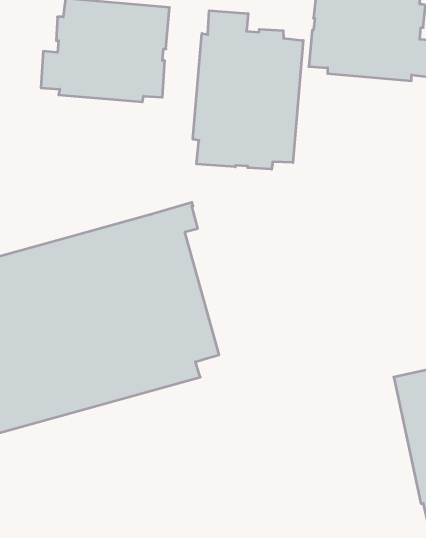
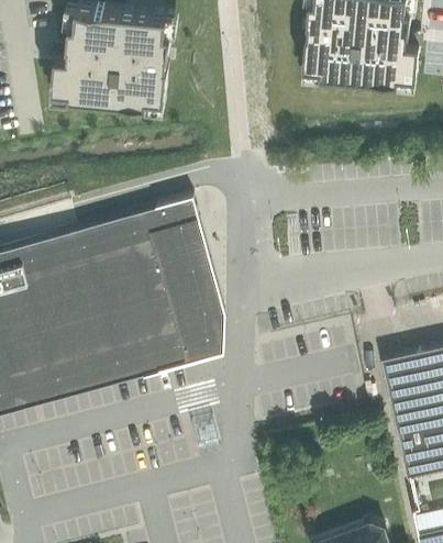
building: [193,11,303,169] -> none

